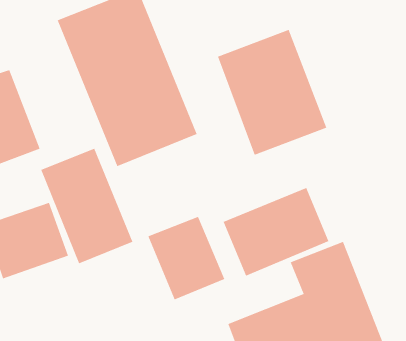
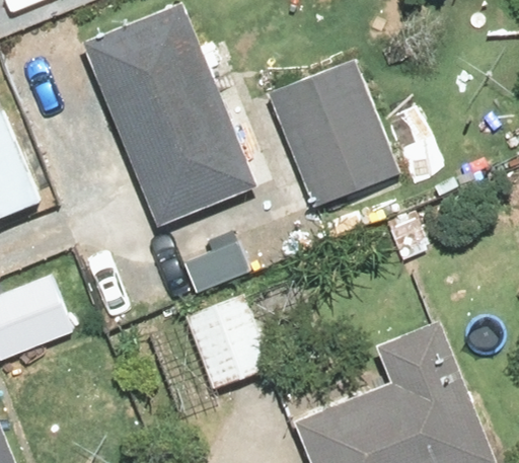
building: [41,148,133,264] -> none
building: [223,187,329,277] -> none

